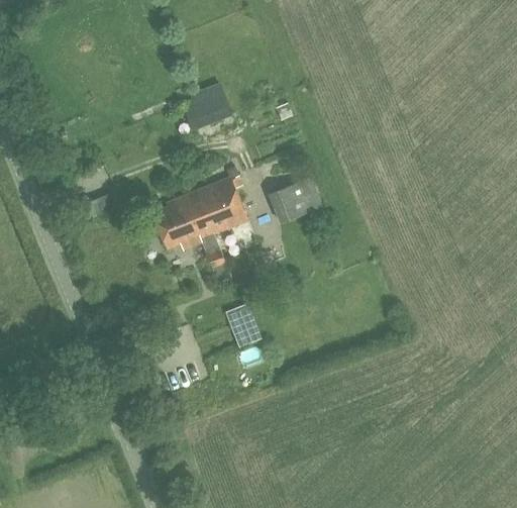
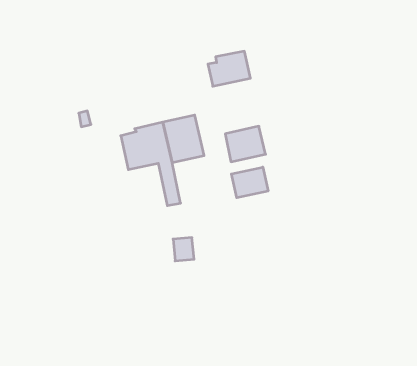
building: [183,87,231,130] -> [208,51,250,86]
building: none -> [231,167,268,198]

